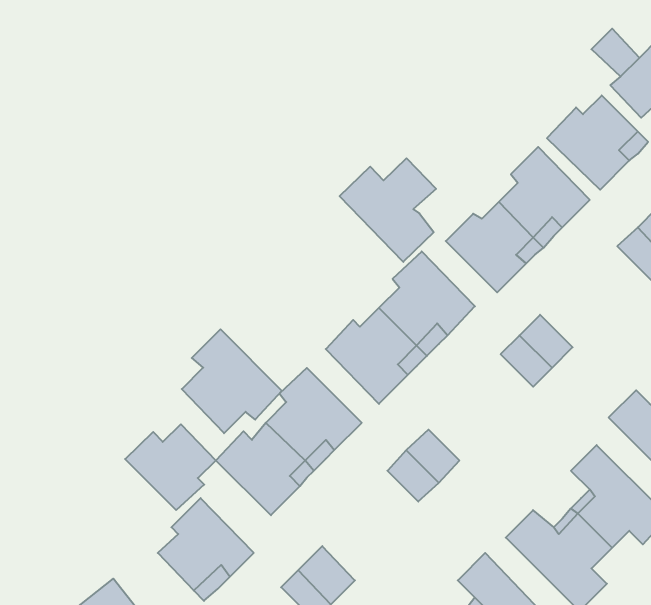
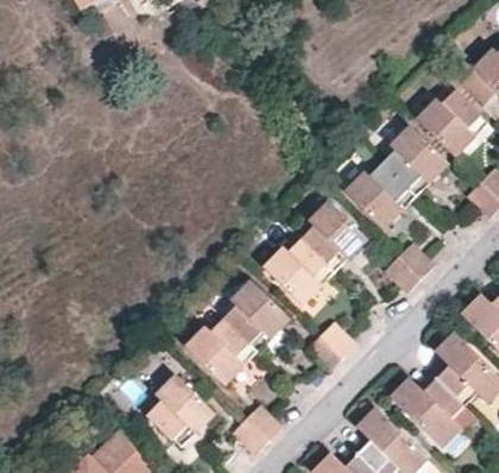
building: [340,158,436,262] -> none
building: [182,329,282,433] -> none
building: [125,424,216,510] -> none

